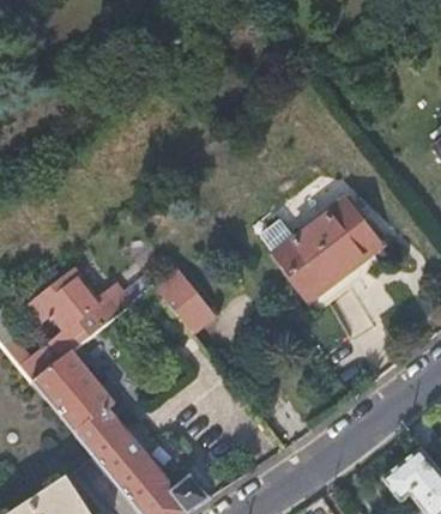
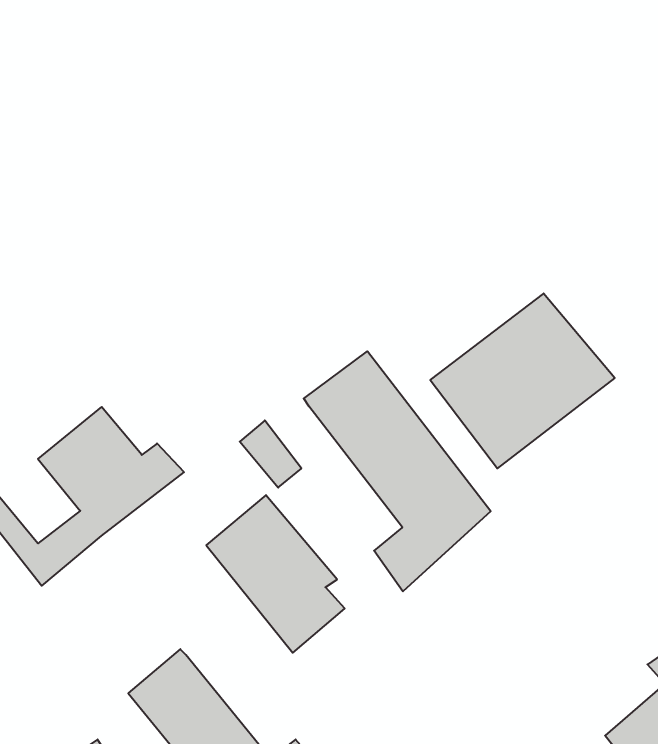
building: none -> [304,351,491,591]
building: [31,350,117,448] -> [206,495,345,653]

